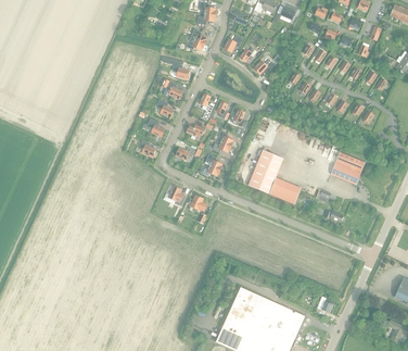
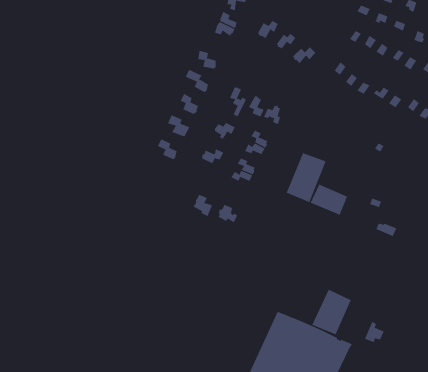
building: [331,151,366,185] -> none
building: none -> [312,289,351,335]

